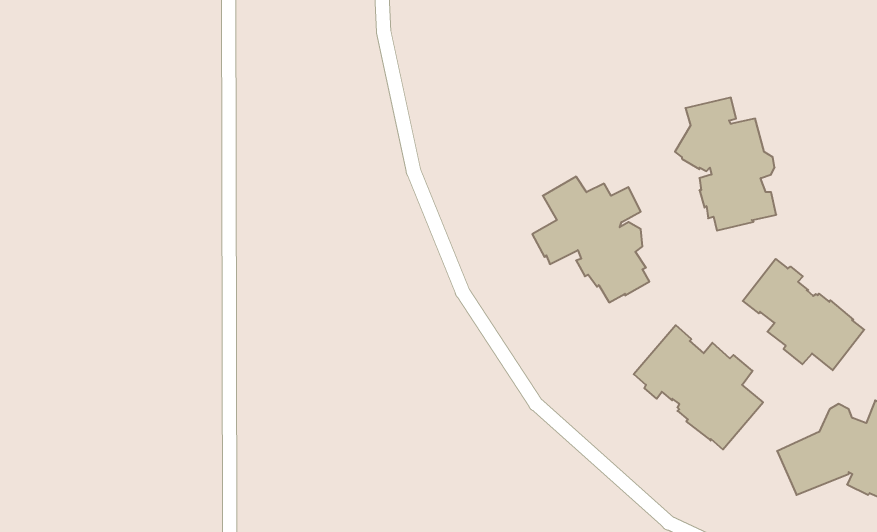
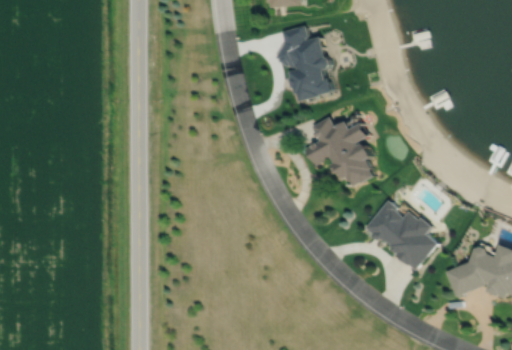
building: [675,98,776,231] -> [275,27,333,103]
building: [743,259,864,370] -> none

